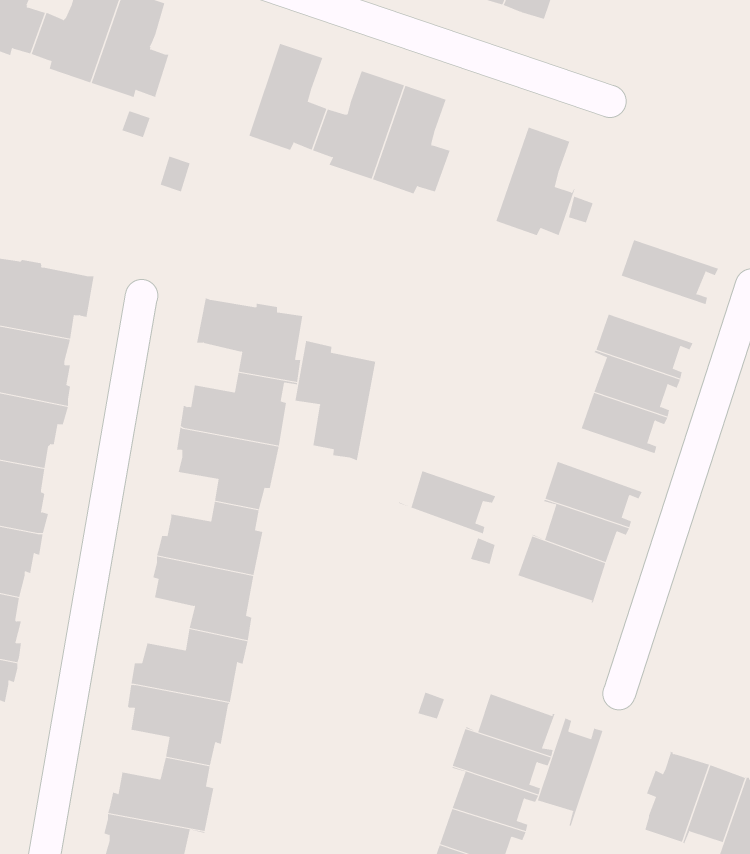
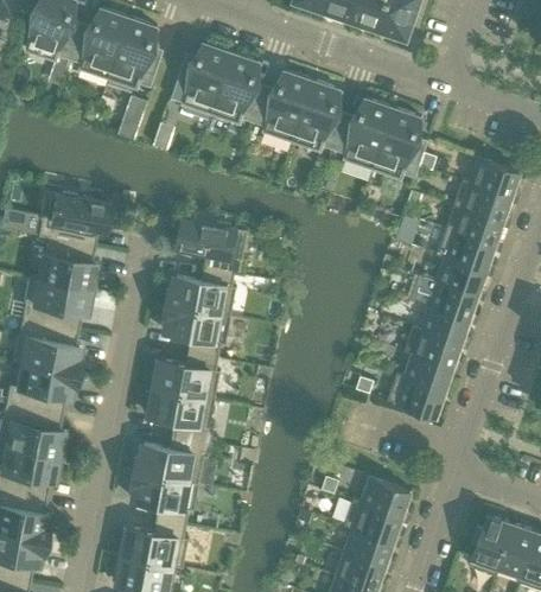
building: none -> [172,43,231,113]
building: none -> [333,97,394,168]
building: none -> [463,158,521,199]
building: none -> [446,204,510,248]
building: [295,340,376,461] -> none
building: [398,471,496,534] -> [413,304,477,345]
building: [537,717,603,827] -> none

